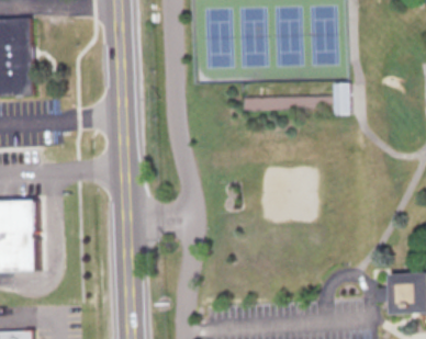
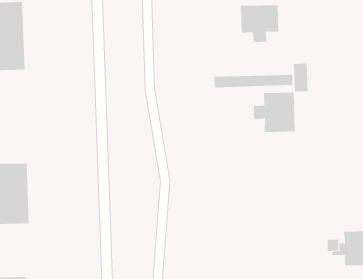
building: none -> [241,4,279,43]
building: none -> [253,92,295,133]

